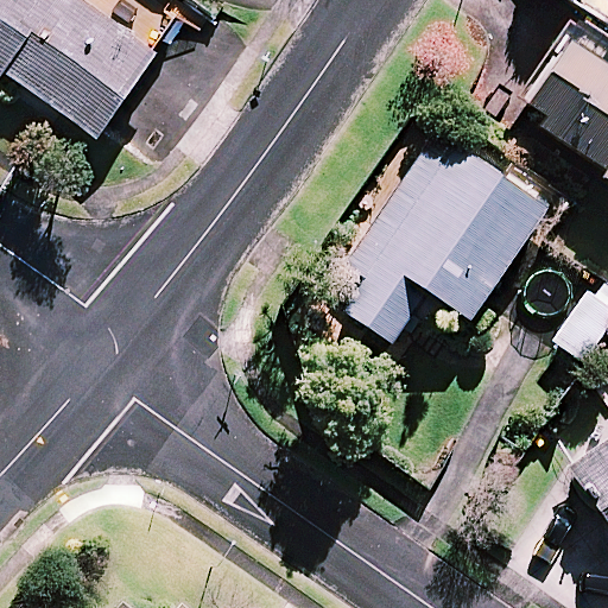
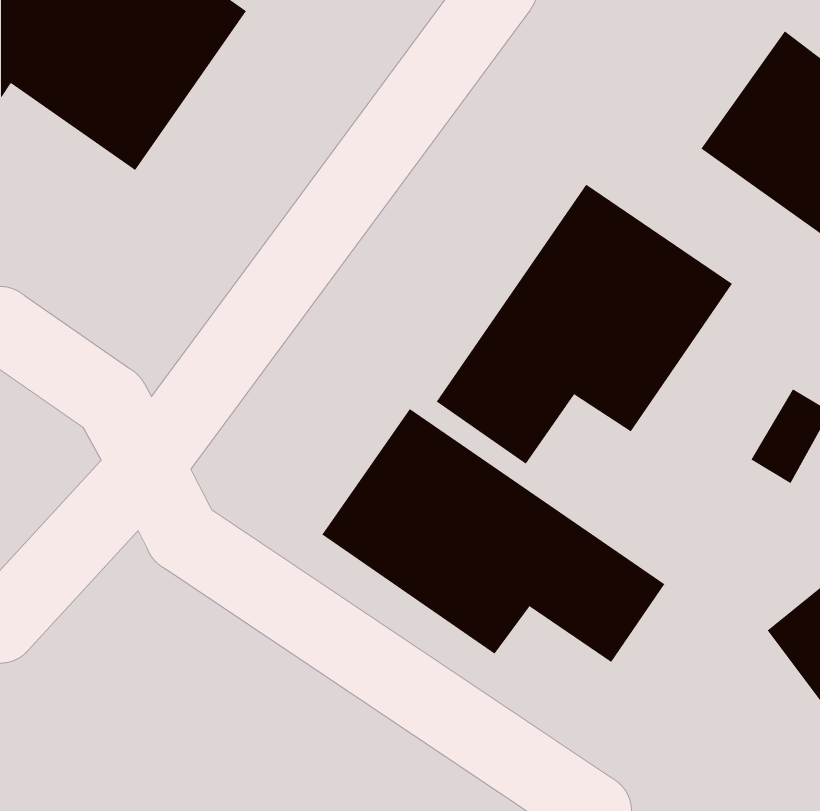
building: none -> [321,408,665,663]

